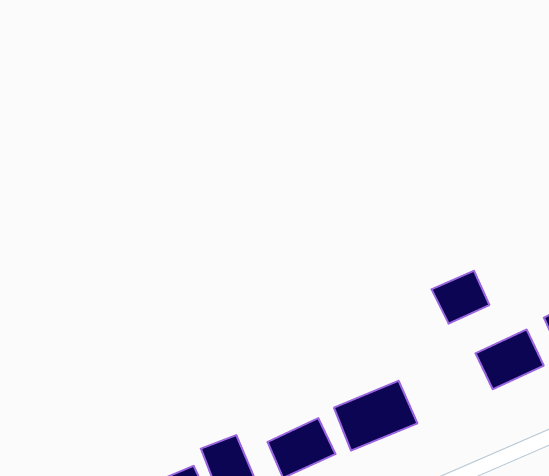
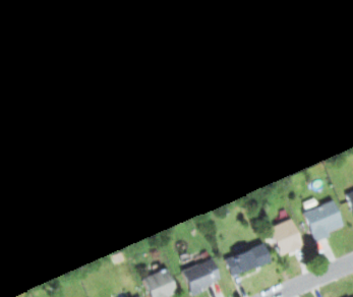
building: [431,271,489,324] -> [269,226,303,257]

